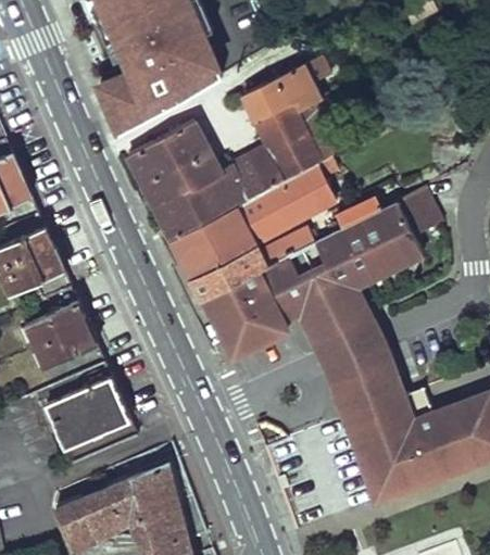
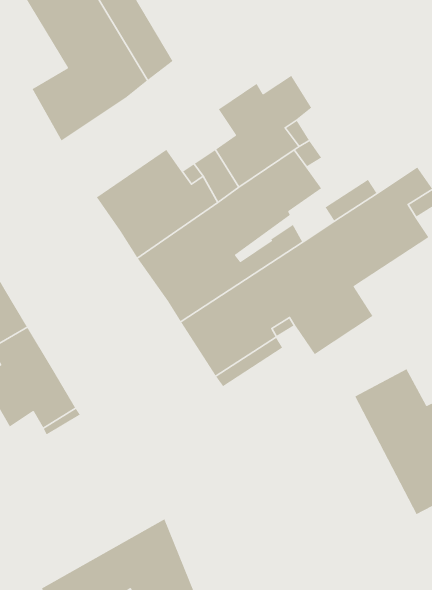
building: [241,64,322,122] -> none
building: [126,122,206,184] -> none
building: [311,314,388,383] -> none
building: [46,376,136,465] -> none

